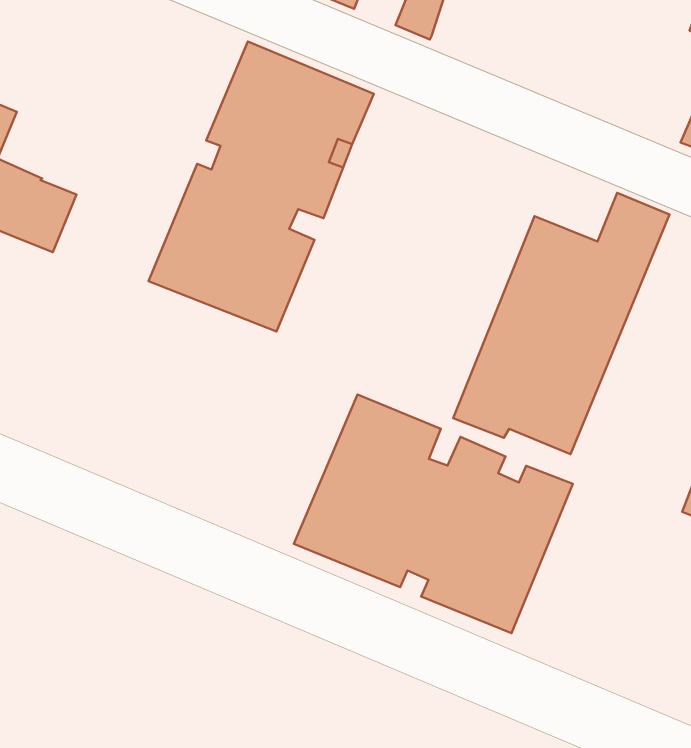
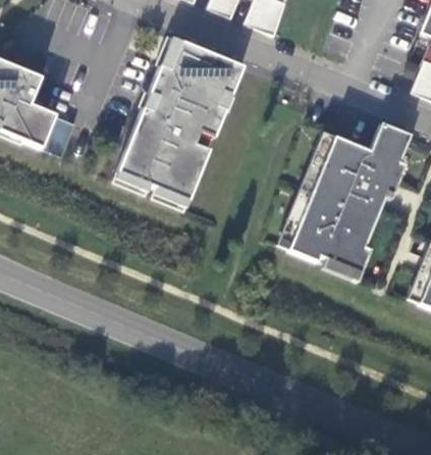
building: [294,394,573,633] -> none

